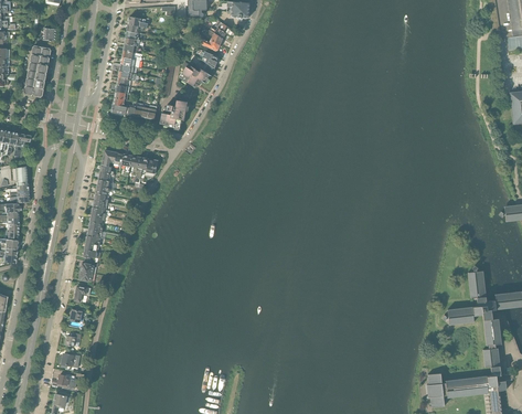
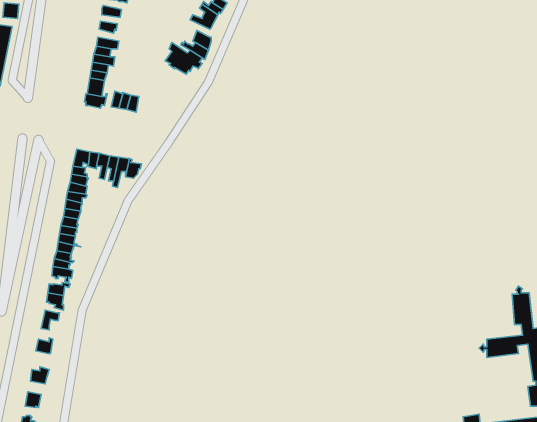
building: [160,98,189,129] -> none

